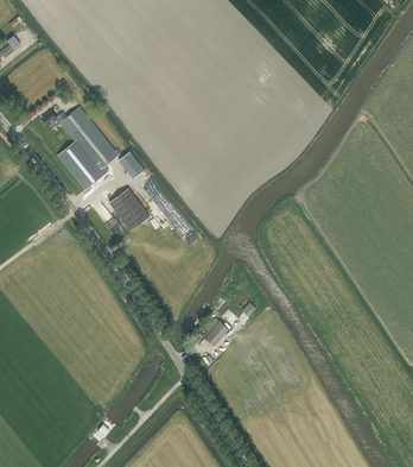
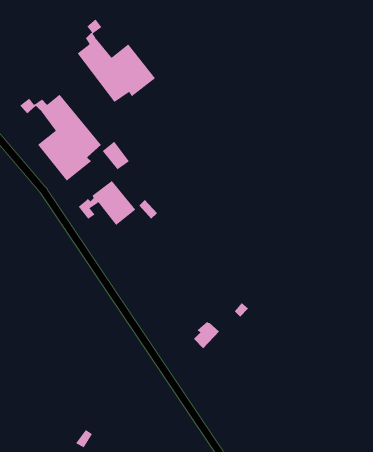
building: none -> [77,19,156,103]

